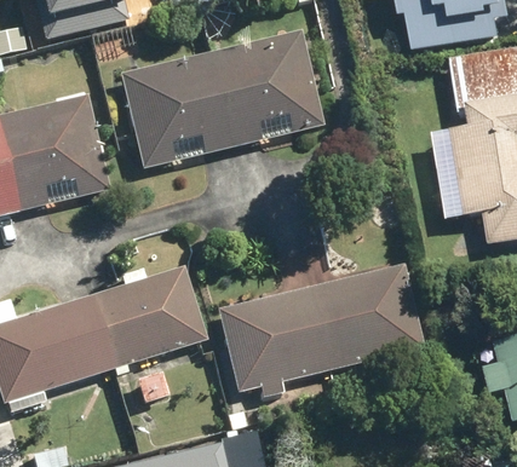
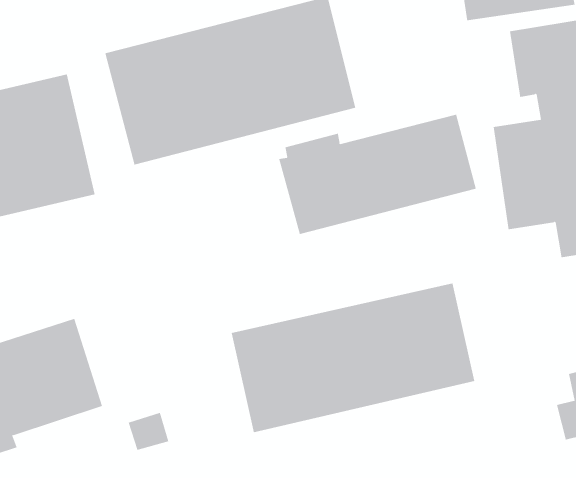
building: none -> [279,114,477,235]
building: [92,264,208,367] -> none

